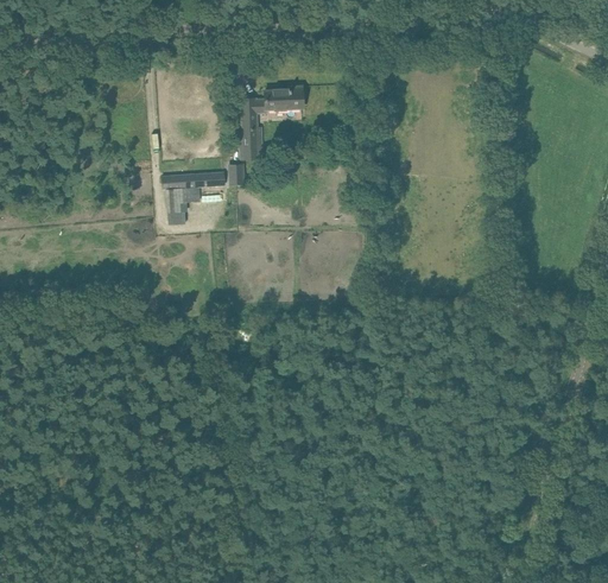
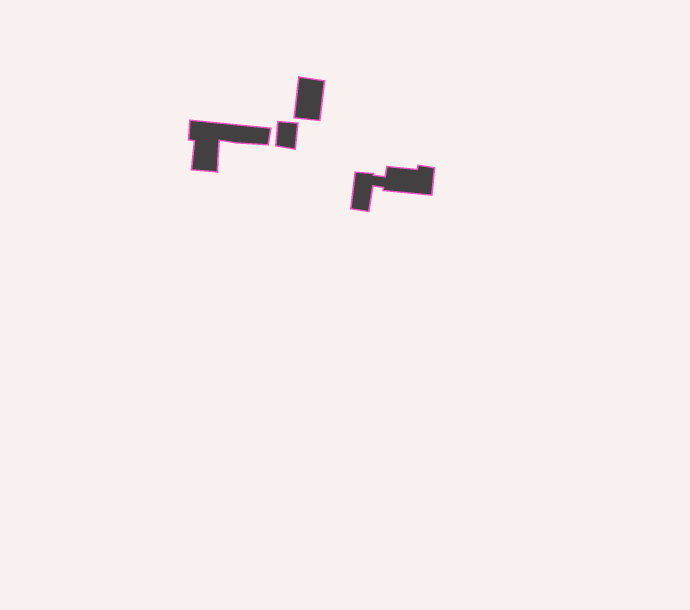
building: [243,87,305,128] -> [351,165,435,212]

